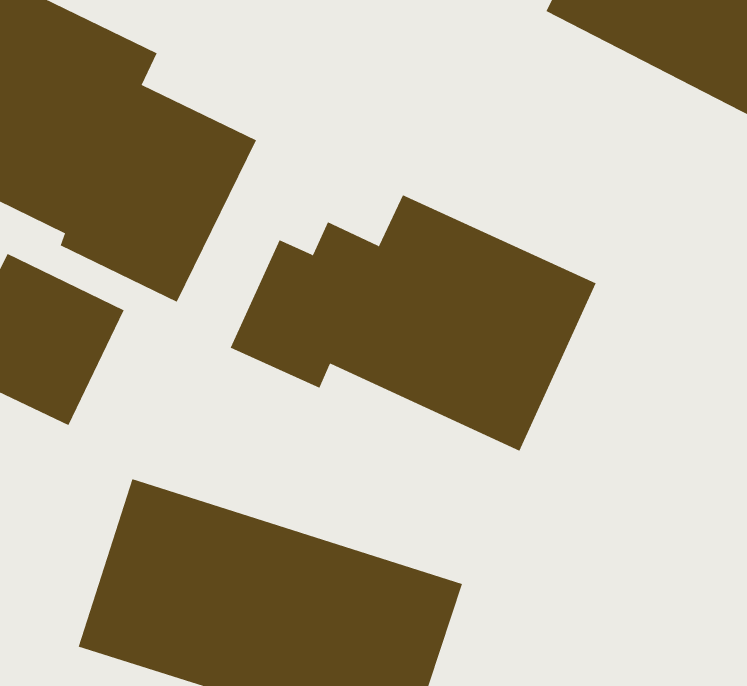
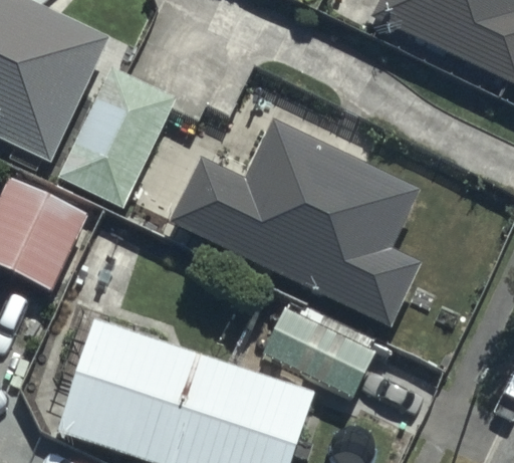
building: none -> [259,303,375,398]

